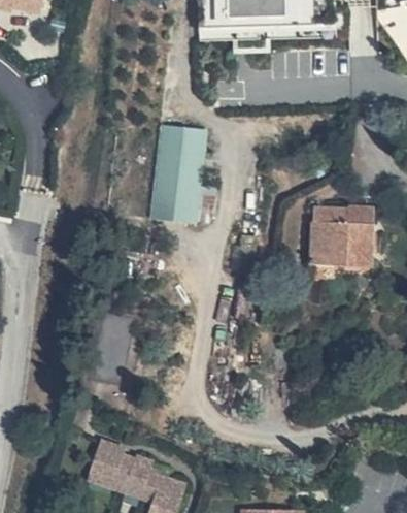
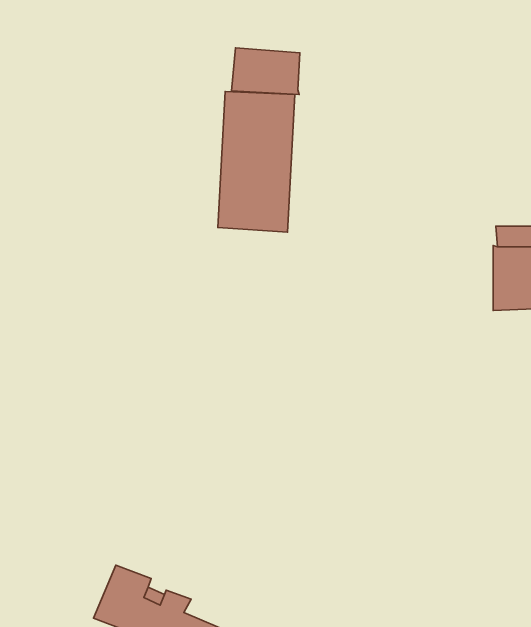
building: none -> [232,48,300,95]
building: [312,219,345,264] -> none

